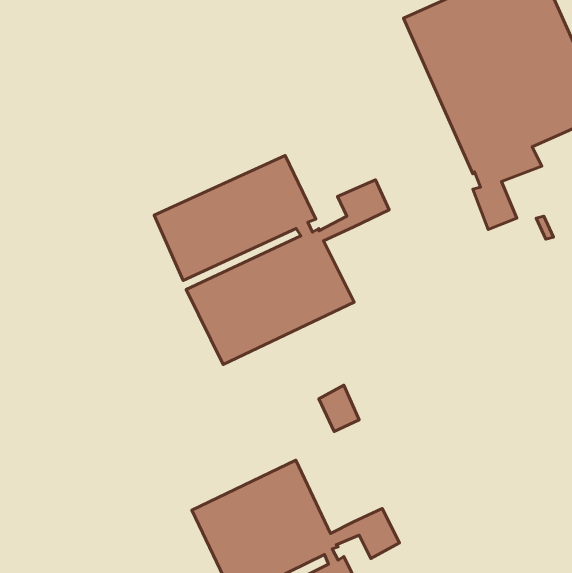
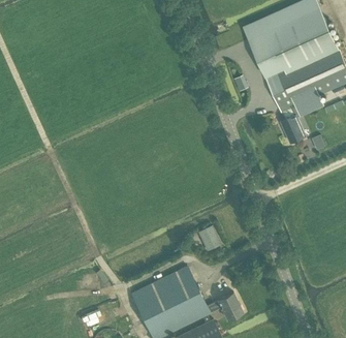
building: [154,155,389,364] -> none

